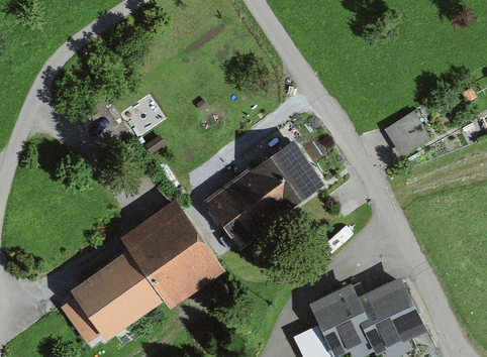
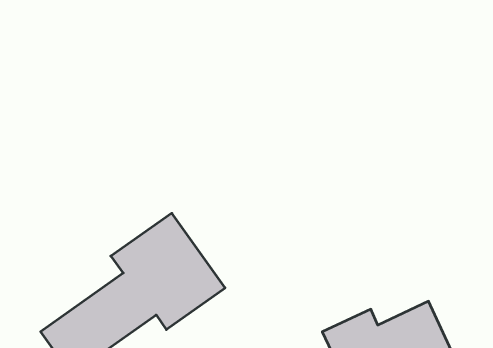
building: [383,111,429,155] -> none
building: [205,133,327,245] -> none

